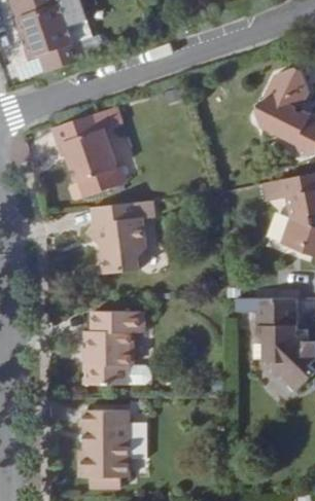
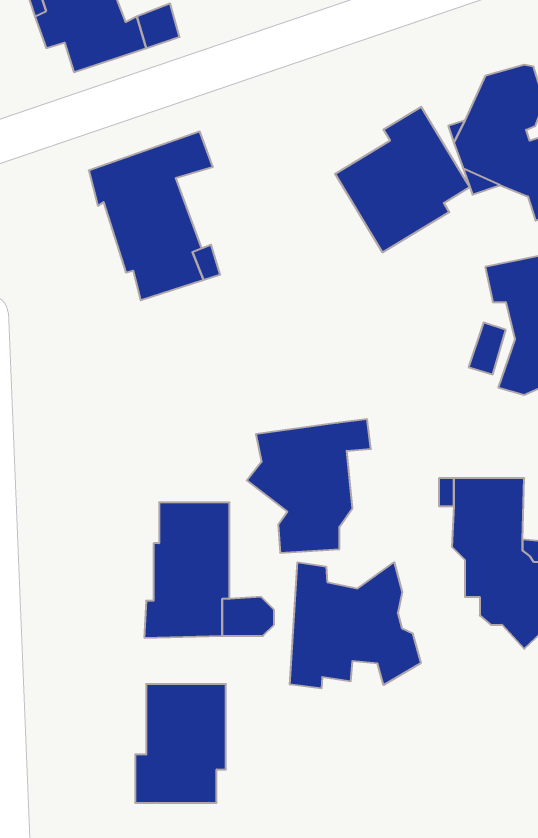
building: none -> [335,107,470,252]
building: [87,199,156,273] -> [247,419,371,553]
building: none -> [290,562,421,688]

